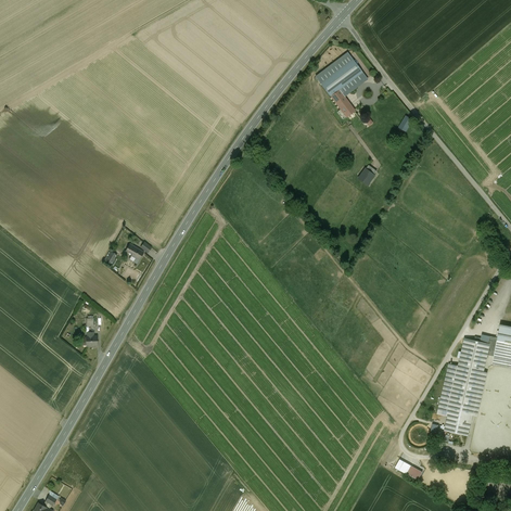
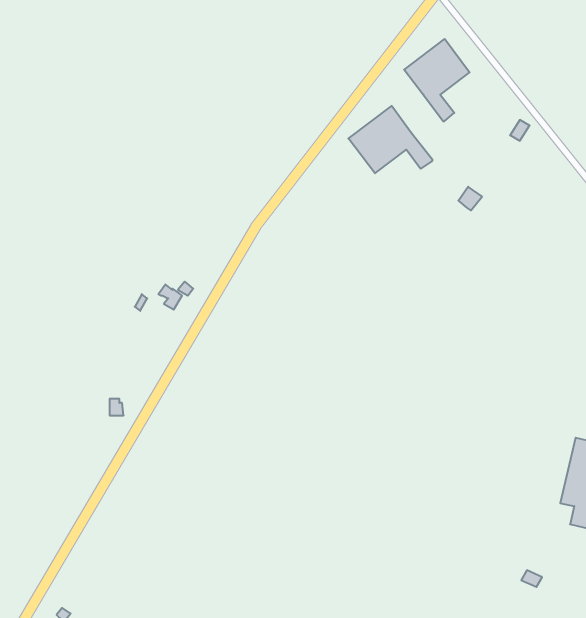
building: none -> [348,106,432,173]

